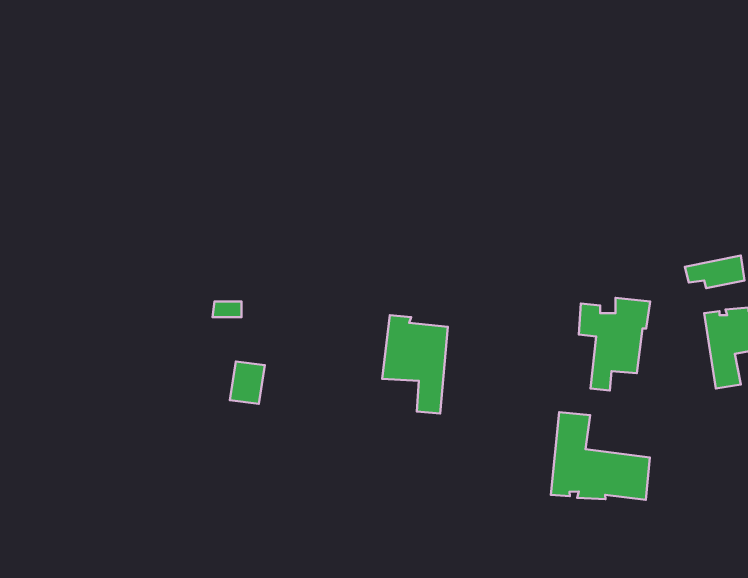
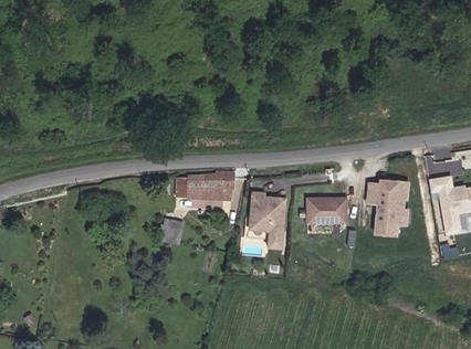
building: none -> [177,171,236,200]
building: none -> [307,198,347,224]
building: [551,412,650,500] -> none

